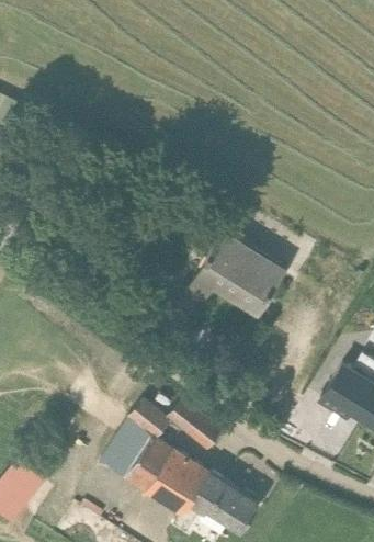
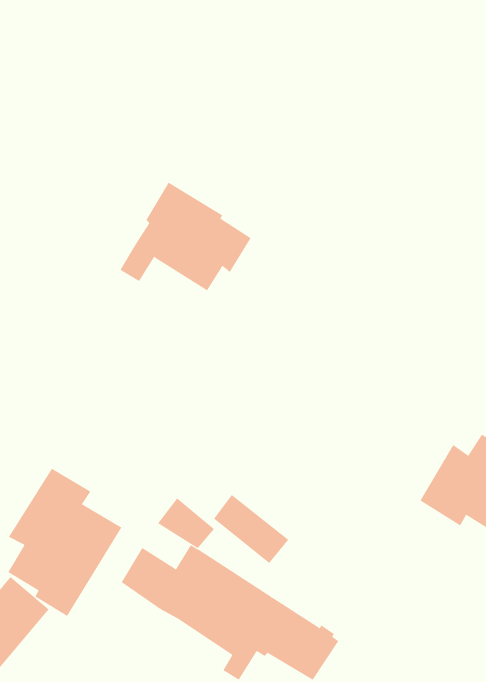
building: [186,230,282,309] -> [120,182,252,291]
building: none -> [8,468,122,617]

